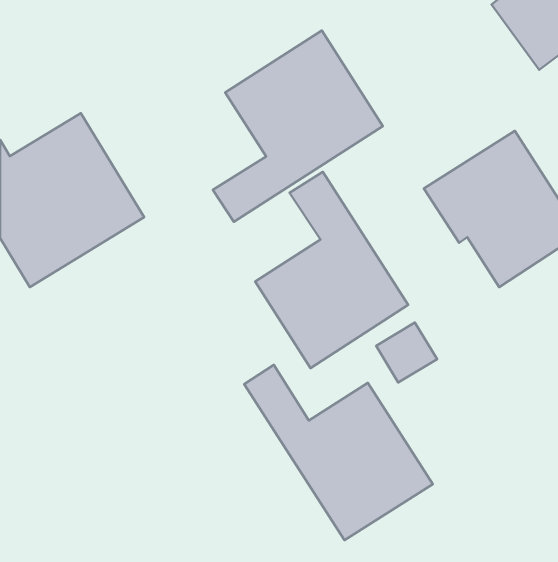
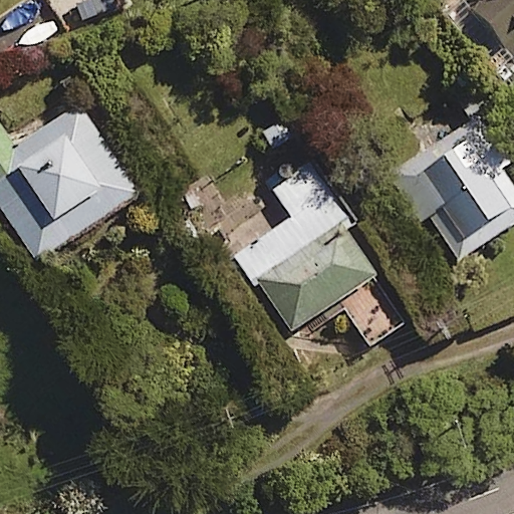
building: [213,30,383,222] -> none
building: [244,365,433,540] -> none

